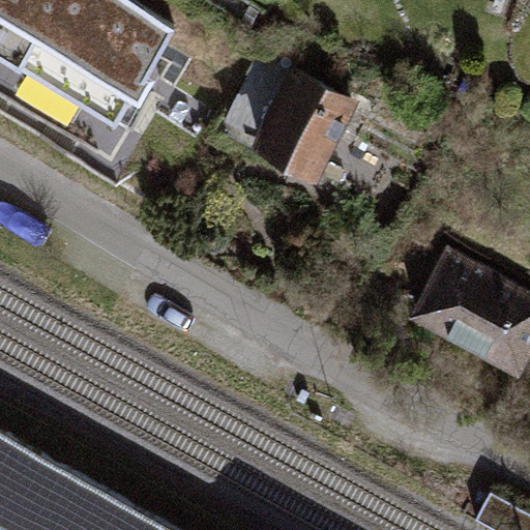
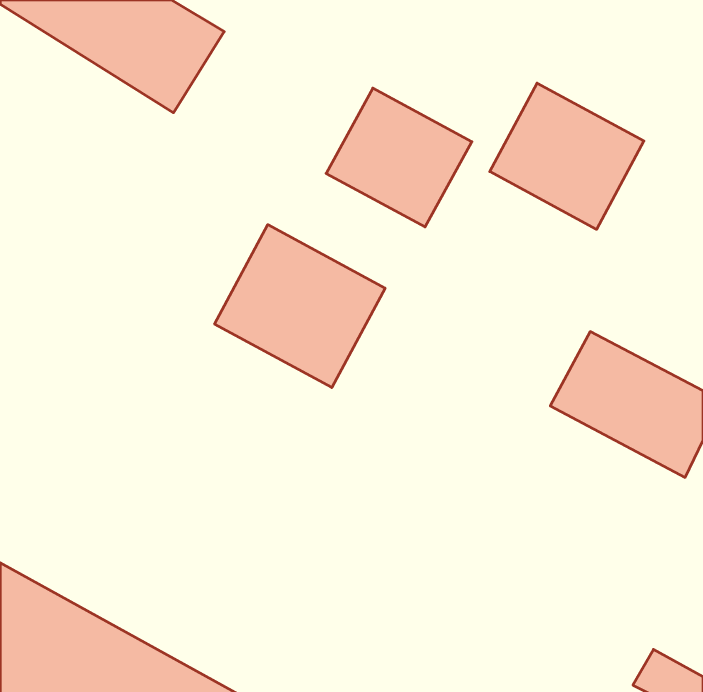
building: none -> [490,83,644,229]
building: none -> [215,225,385,388]

